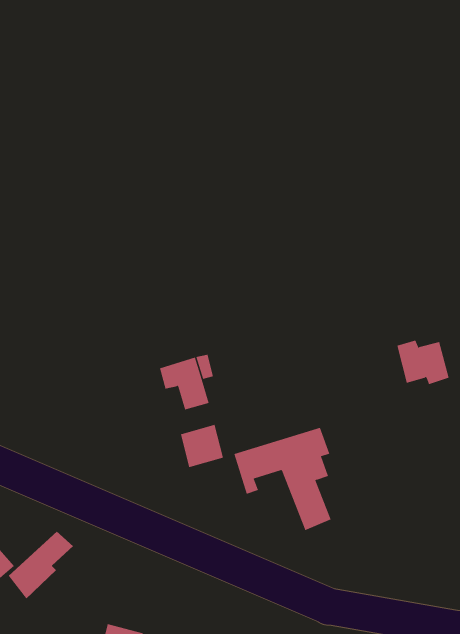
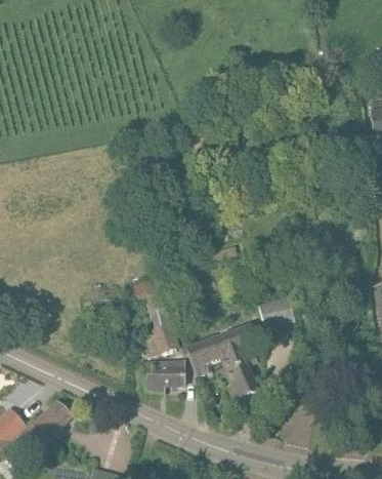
building: [396,340,450,385] -> [256,290,295,323]
building: none -> [141,361,184,392]

